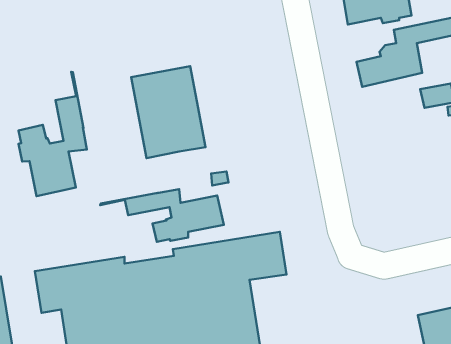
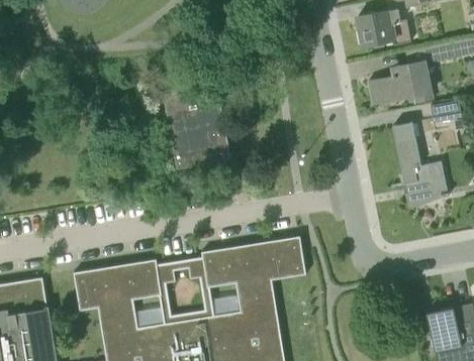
building: [18,72,87,196] -> none
building: none -> [391,123,448,202]
building: [100,189,224,242] -> none

